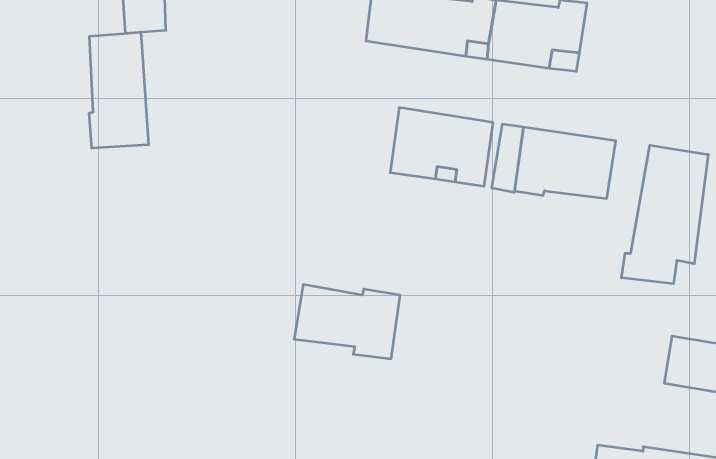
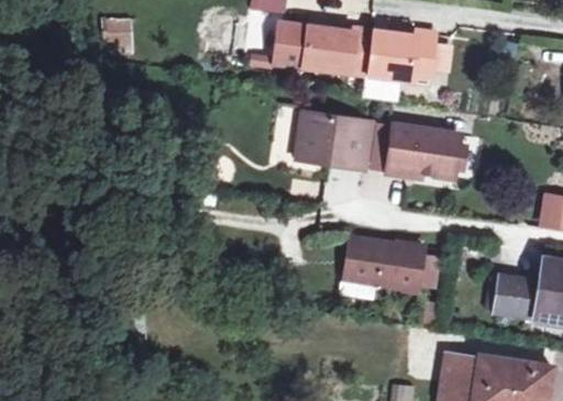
building: [89,32,148,148] -> none
building: [621,145,708,284] -> none
building: [294,285,400,359] -> [349,236,426,290]

